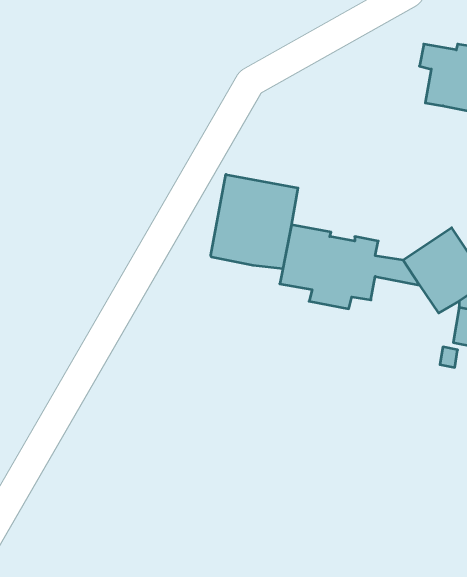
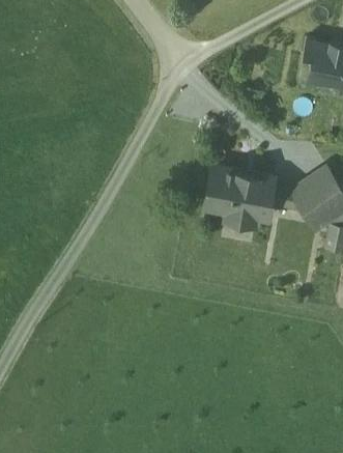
building: [211,174,298,269] -> none

